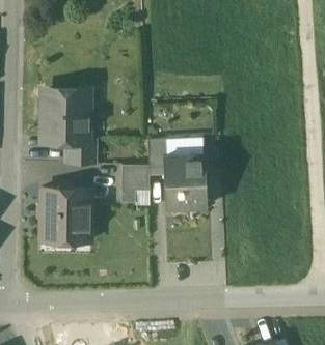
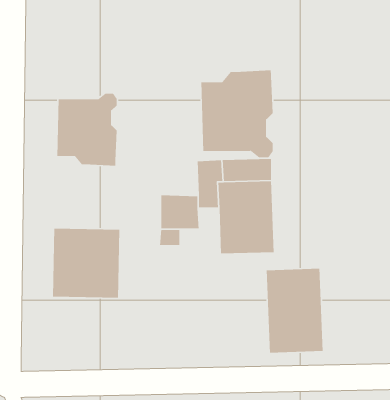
building: none -> [200,70,274,158]
building: [67,140,96,165] -> none
building: none -> [266,268,323,353]

